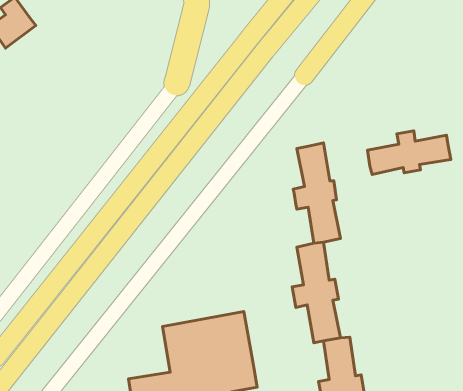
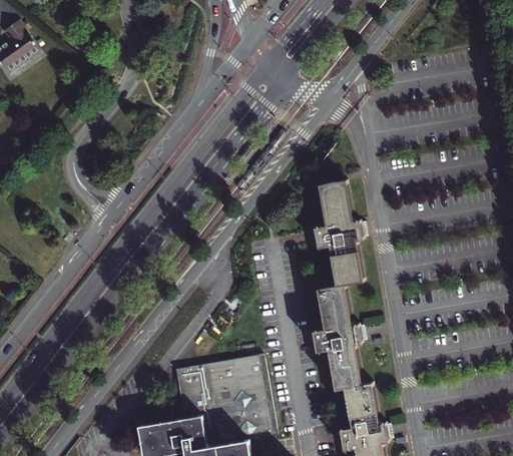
building: [368,131,451,174] -> none

